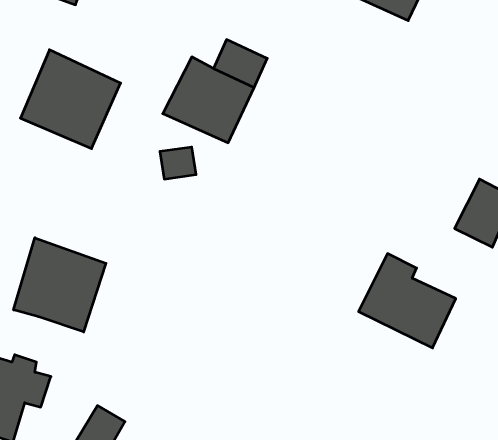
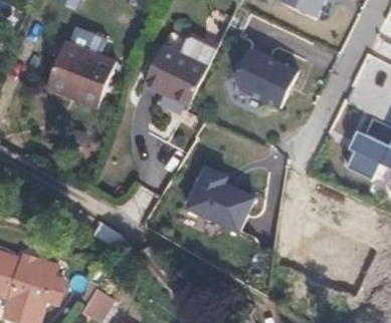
building: none -> [233,50,296,109]
building: [14,238,106,332] -> none
building: [359,254,456,348] -> [183,169,250,234]

